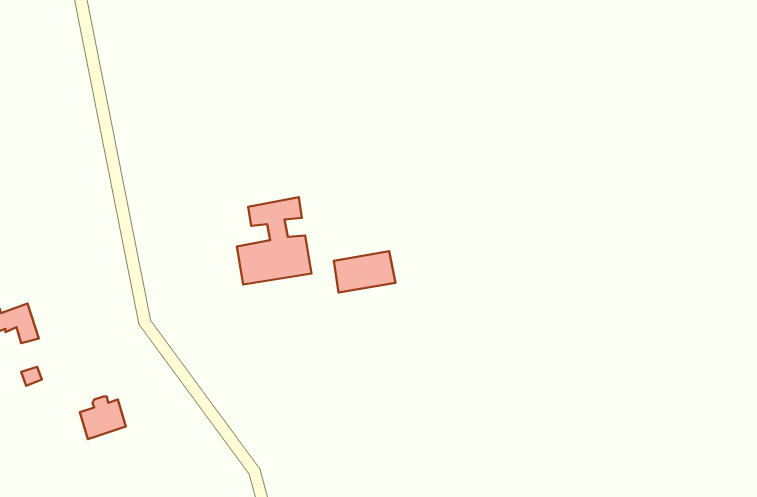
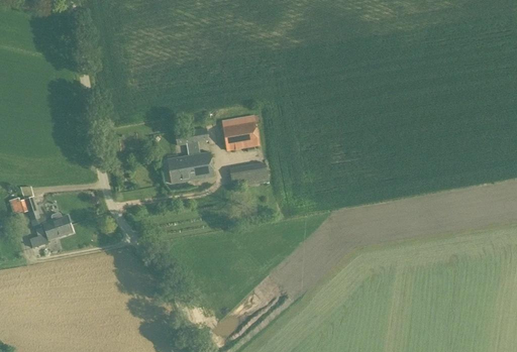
building: none -> [221,114,258,150]
building: [80,396,126,439] -> [42,212,72,239]

